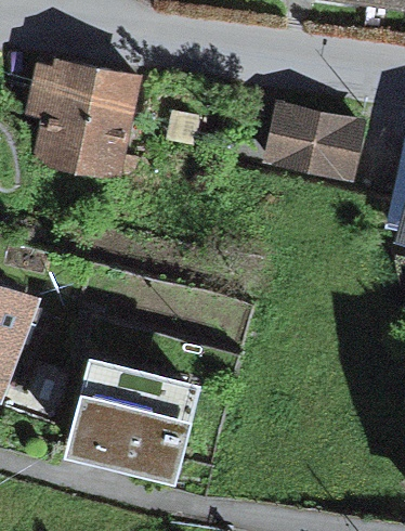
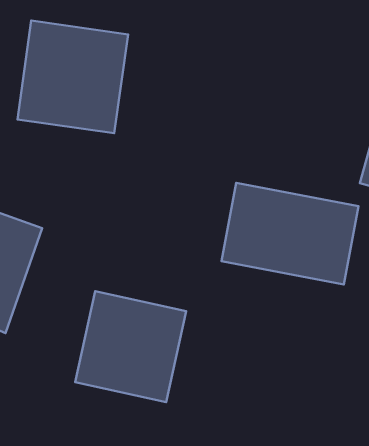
building: [262,107,365,183] -> none
building: none -> [222,183,358,285]

